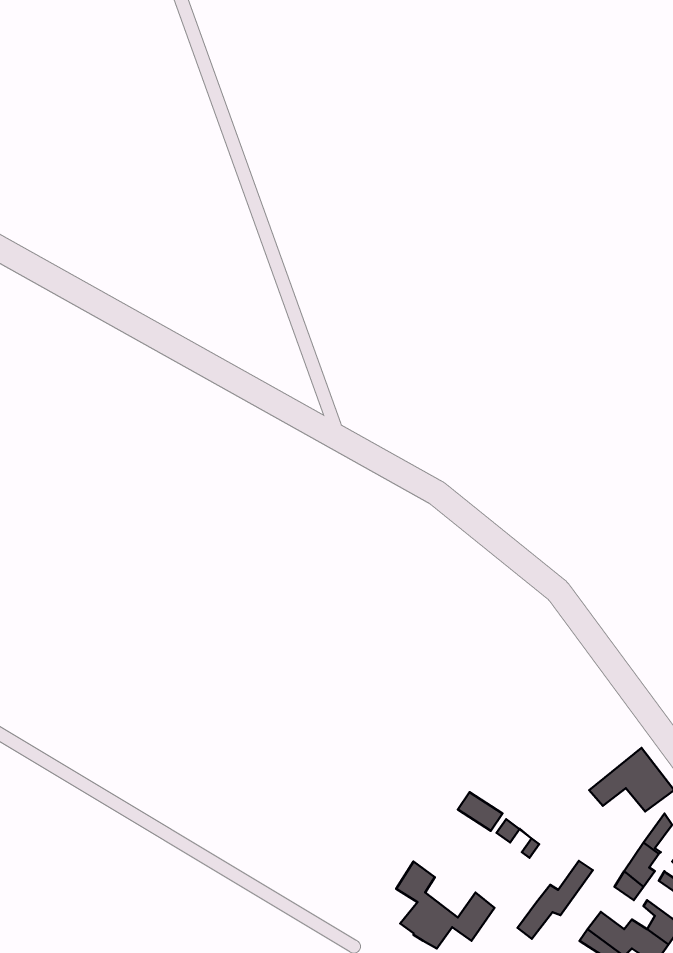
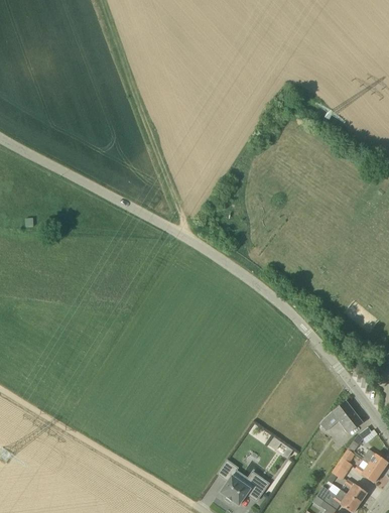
building: [518,861,593,939] -> none

